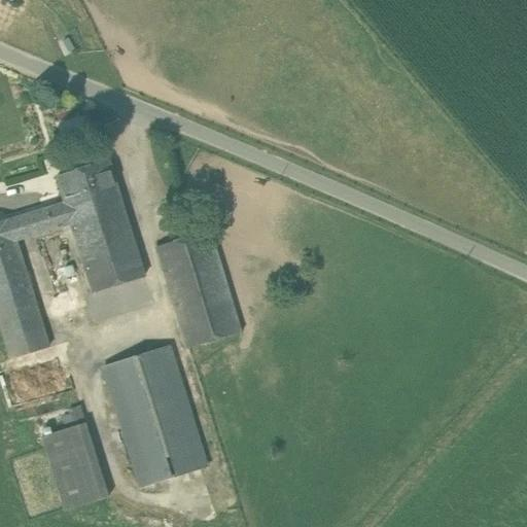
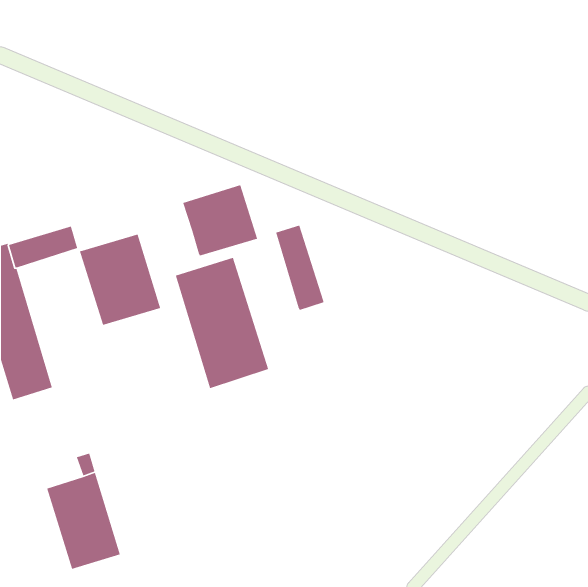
building: [56,160,124,224] -> [182,184,258,257]
building: none -> [275,224,324,311]
building: [103,346,206,486] -> none

